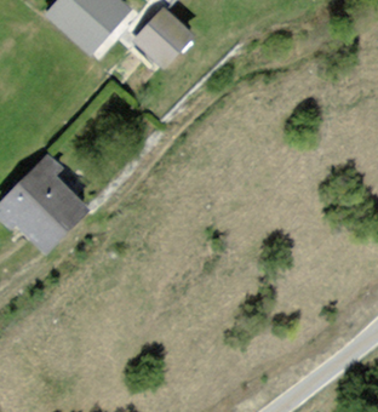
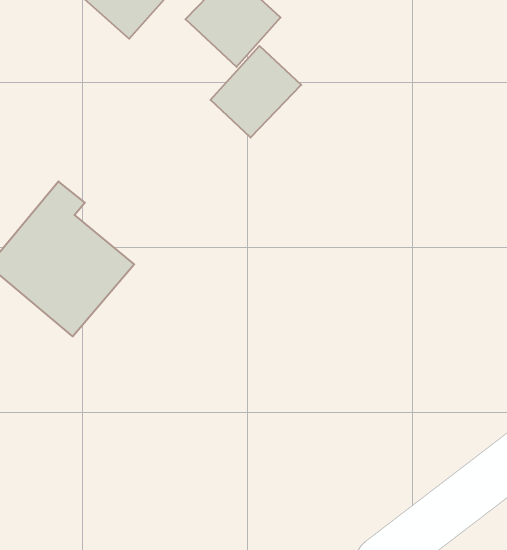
building: none -> [210,46,301,138]

